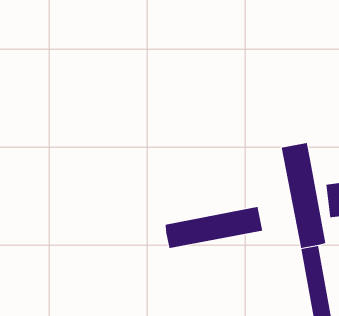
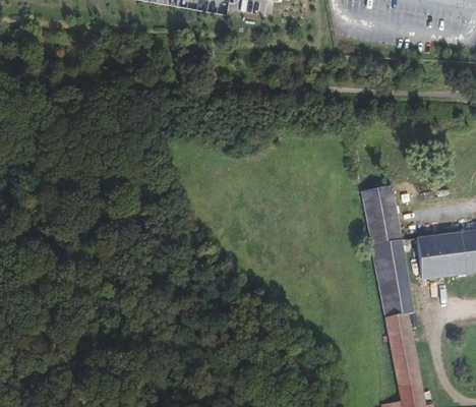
building: [165,206,263,249] -> none

